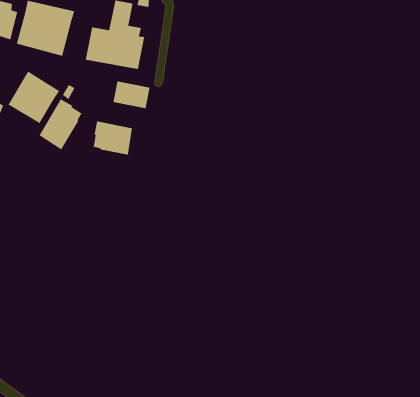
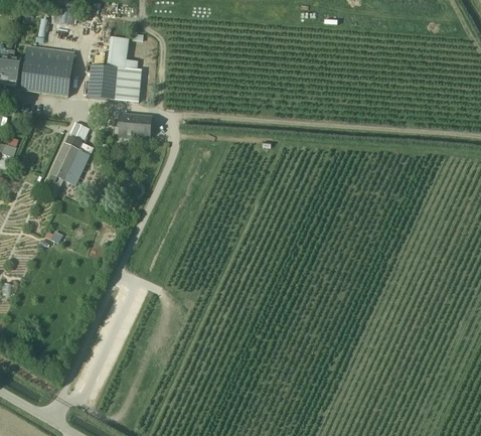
building: [8,71,60,124] -> none
building: [93,121,133,155] -> none

